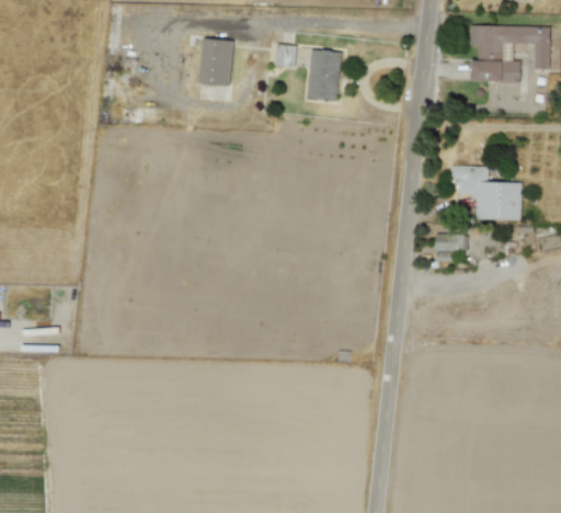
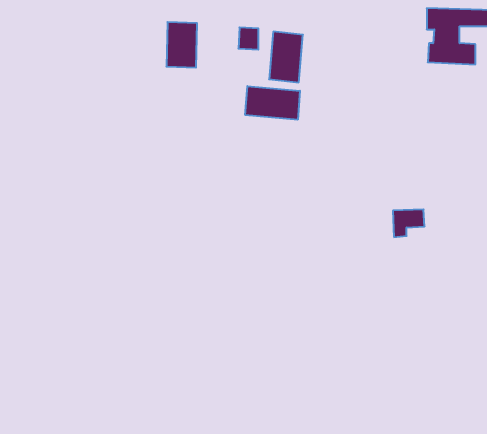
building: none -> [245,86,300,120]
building: [450,166,522,220] -> none

